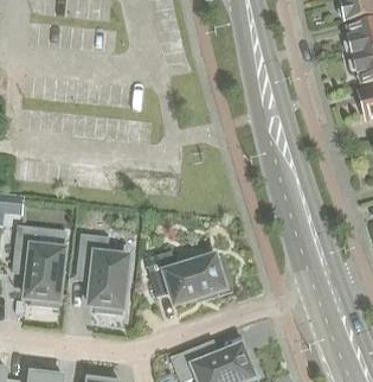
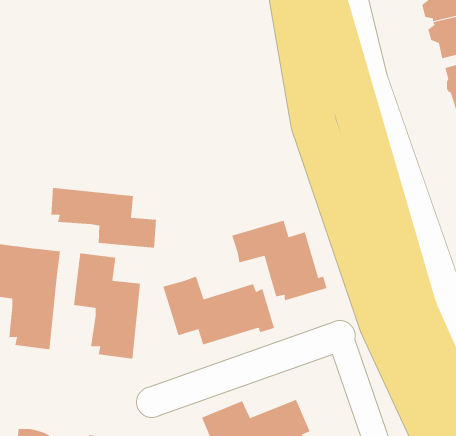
building: none -> [51,187,157,248]
building: none -> [231,220,327,301]

